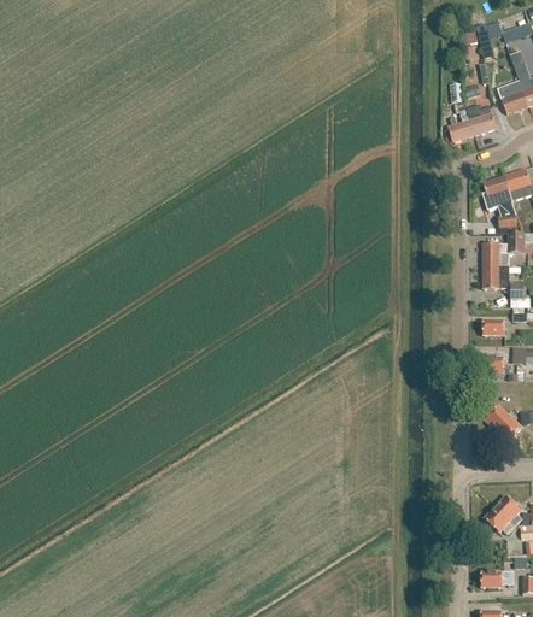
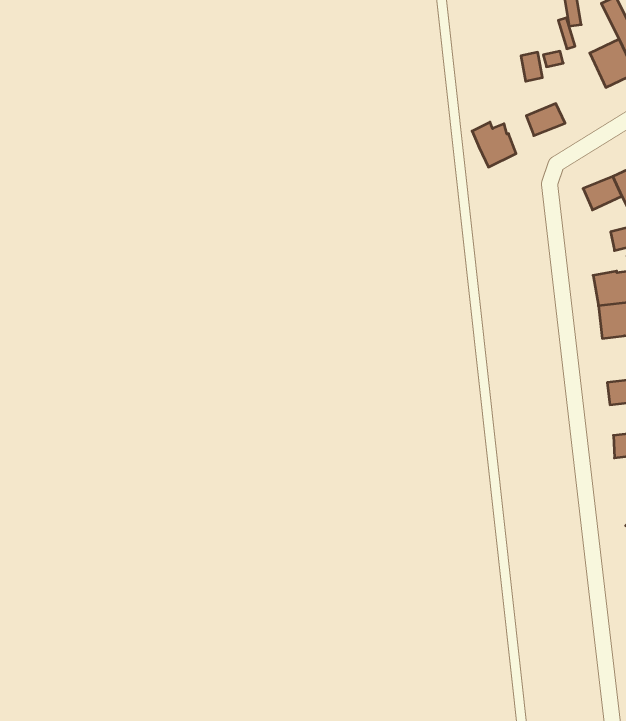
building: [467,104,496,135] -> [472,122,516,167]

